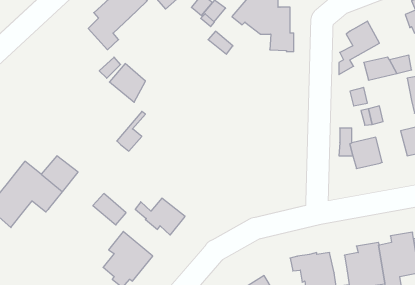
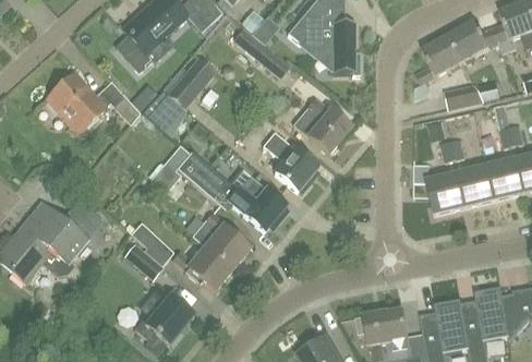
building: none -> [447,23,497,64]
building: none -> [164,57,216,109]
building: none -> [47,73,140,133]
building: none -> [293,99,350,154]
building: none -> [262,132,316,192]
building: none -> [176,150,287,231]
building: none -> [457,168,494,205]
building: none -> [192,213,249,269]
building: none -> [130,222,173,265]

